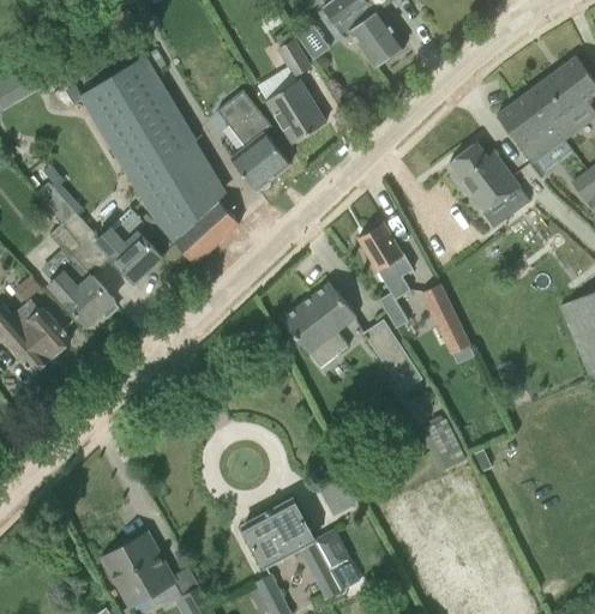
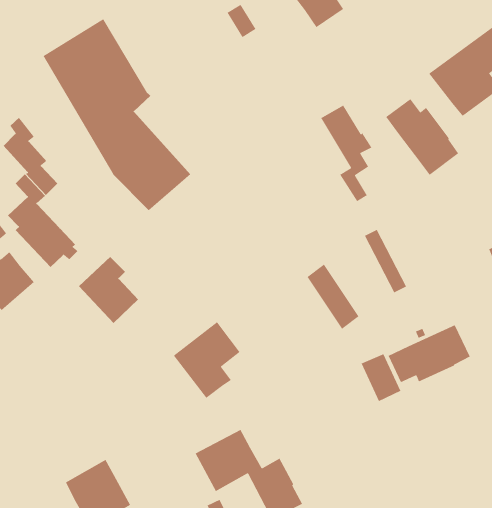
building: [266,80,325,143] -> none
building: [216,90,289,191] -> none
building: [95,209,161,282] -> [78,256,139,324]
building: [357,223,414,329] -> [320,105,372,202]
building: [282,282,355,366] -> [173,321,241,399]
building: none -> [387,324,471,383]

